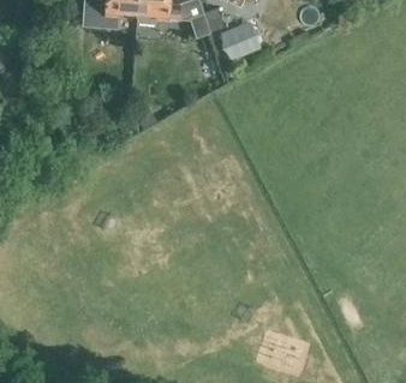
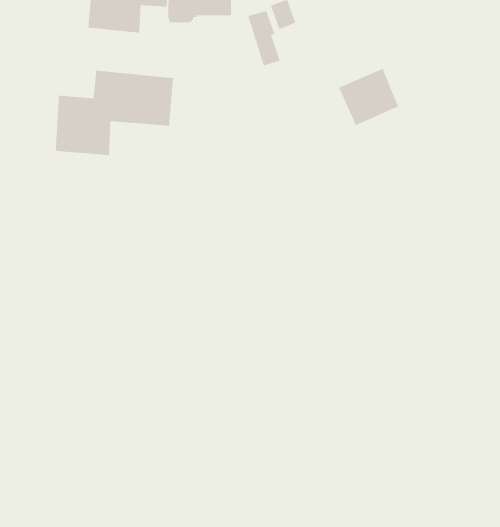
building: [219,19,261,59] -> [338,68,399,126]
building: none -> [55,70,174,156]

